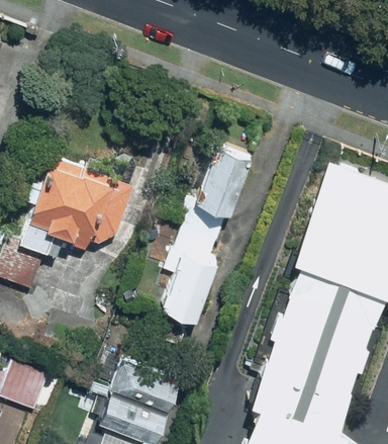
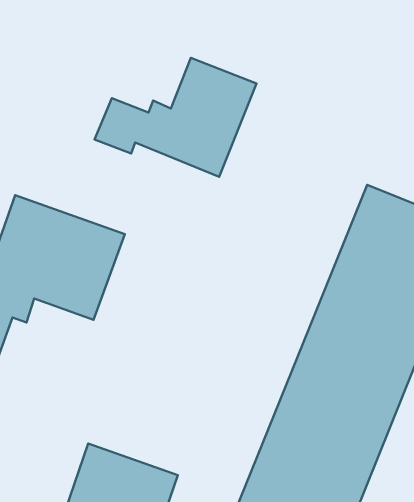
building: none -> [94,58,257,177]
building: [156,148,254,325] -> none

